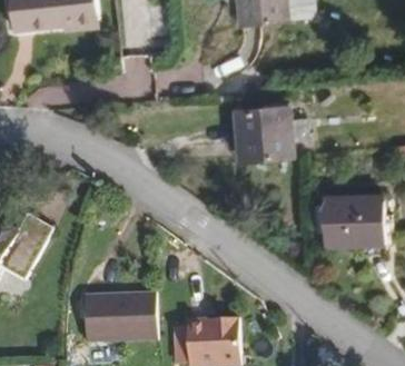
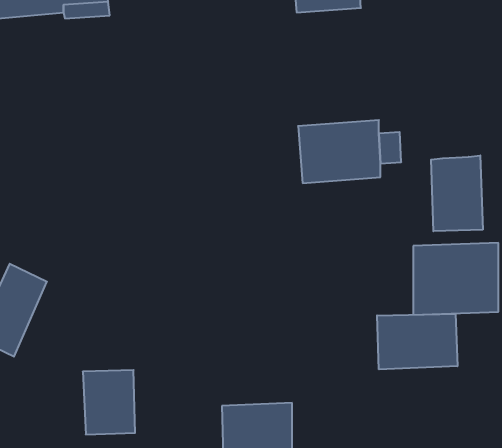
building: none -> [431,155,483,231]
building: none -> [377,314,457,369]
building: [117,290,151,338] -> none

